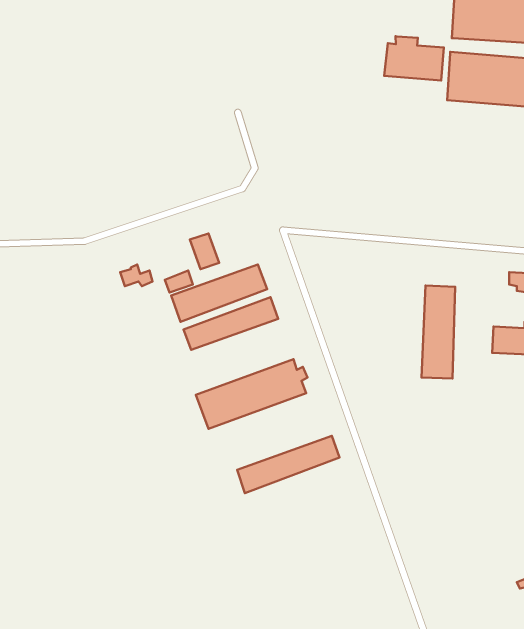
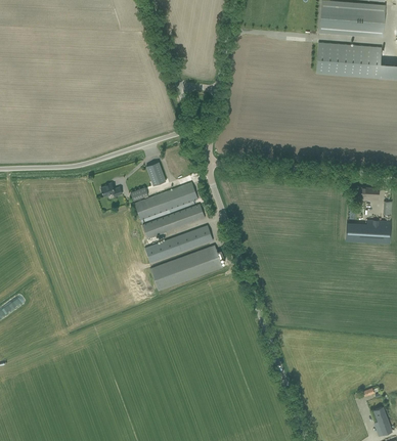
building: [384,36,444,81] -> none
building: [421,285,455,378] -> none
building: [237,436,340,493] -> [145,225,213,263]

